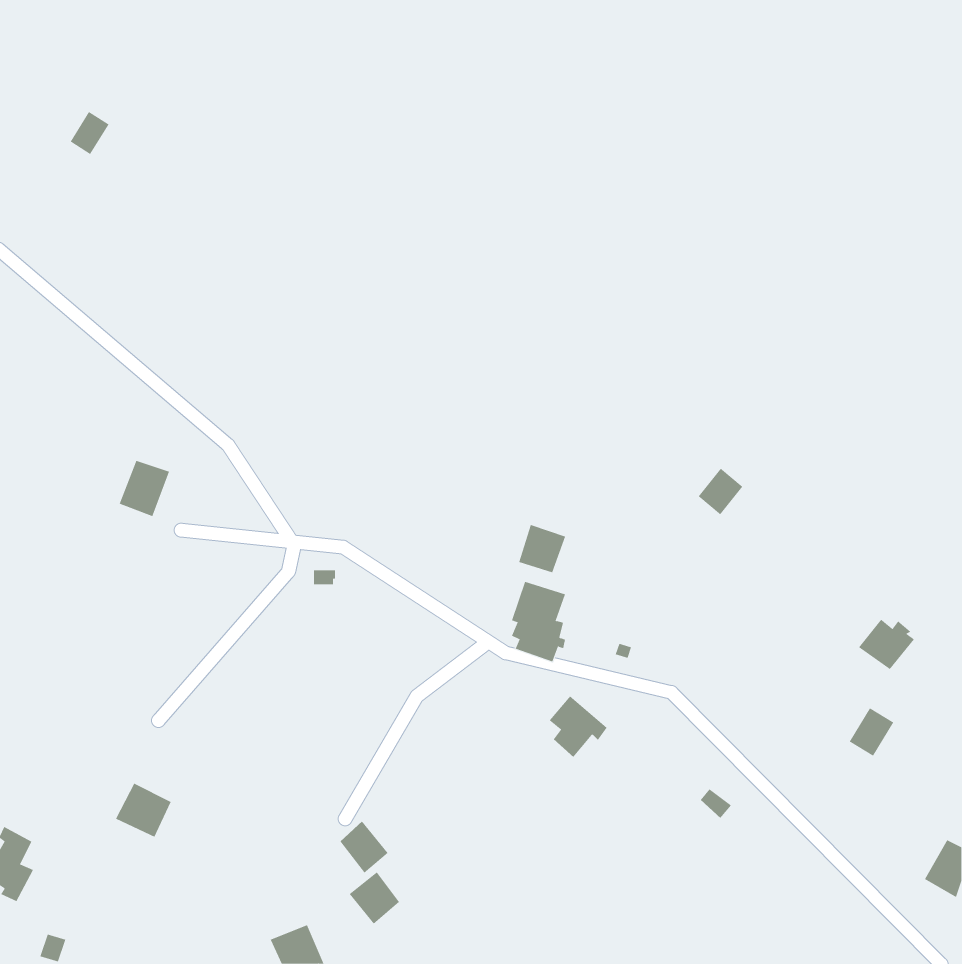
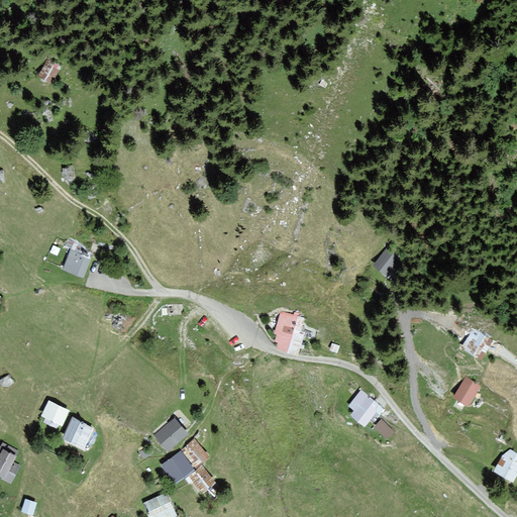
building: [518,524,566,573] -> none
building: [549,696,607,758] -> [350,392,382,425]
building: none -> [41,401,68,428]
building: none -> [154,420,185,449]
building: none -> [162,453,192,483]

